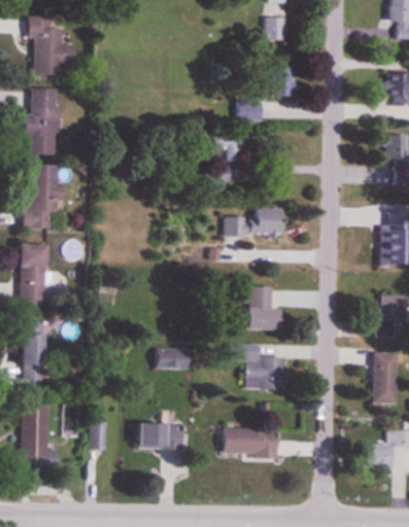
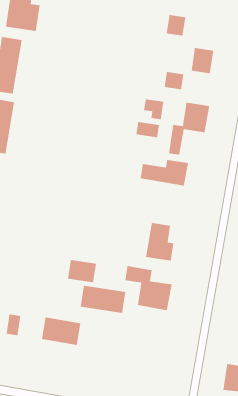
building: [265,16,286,40] -> [166,14,186,36]
building: none -> [168,102,210,155]
building: [223,428,276,455] -> [80,285,126,313]

